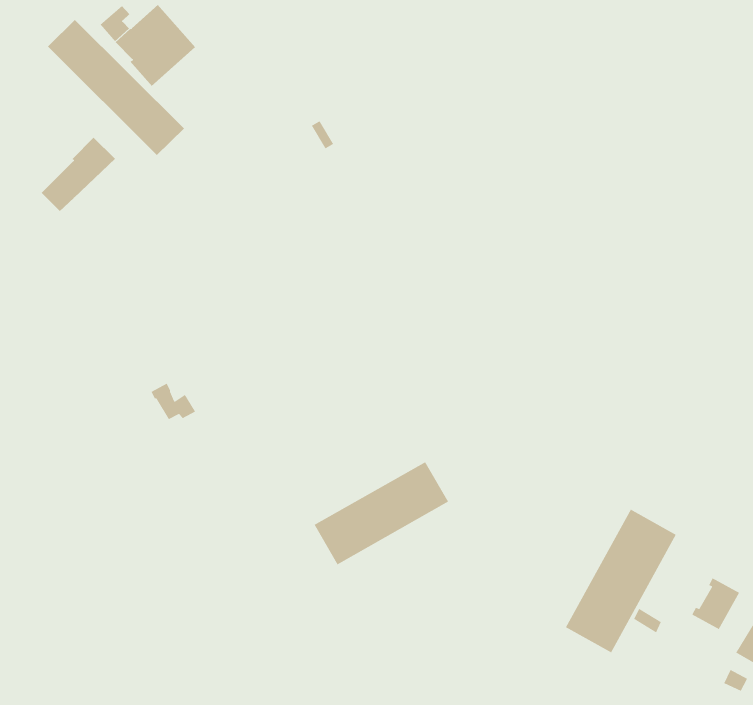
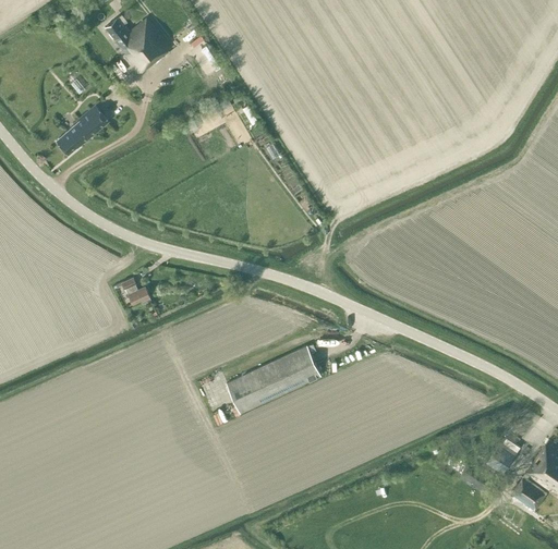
building: [47,19,185,156] -> none
building: [565,509,677,653] -> none

